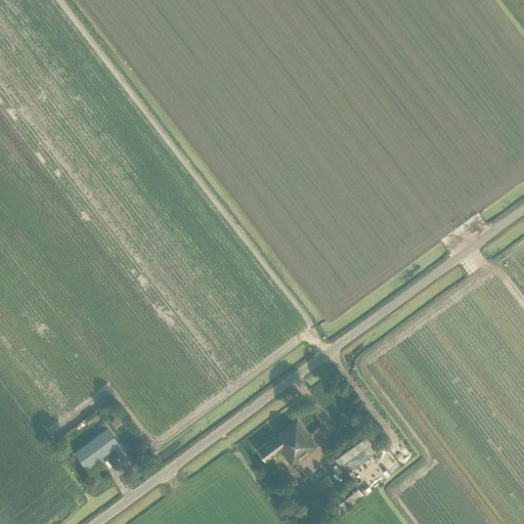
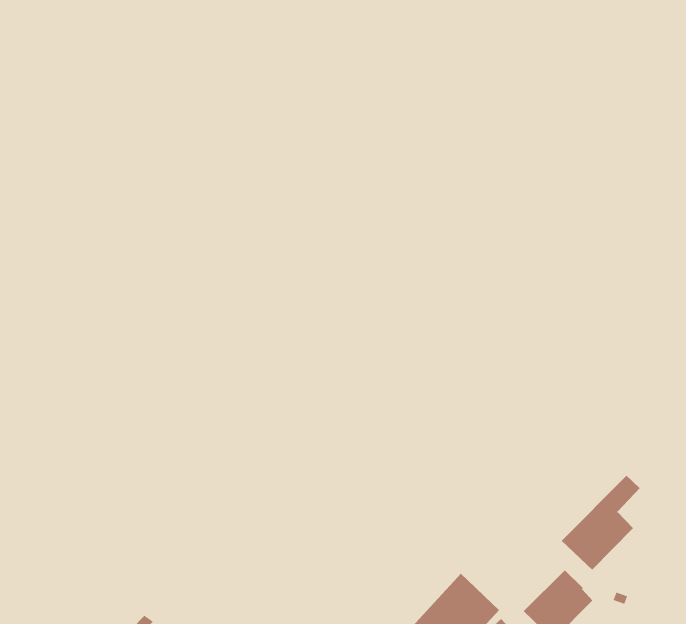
building: none -> [561,475,640,571]

